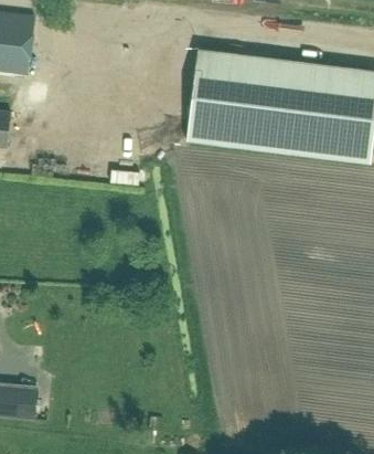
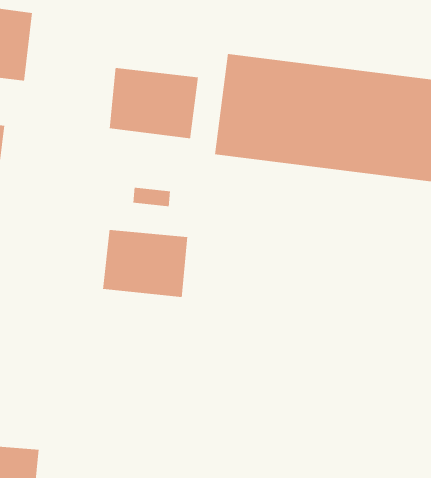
building: none -> [109,67,199,139]
building: none -> [103,229,188,298]

